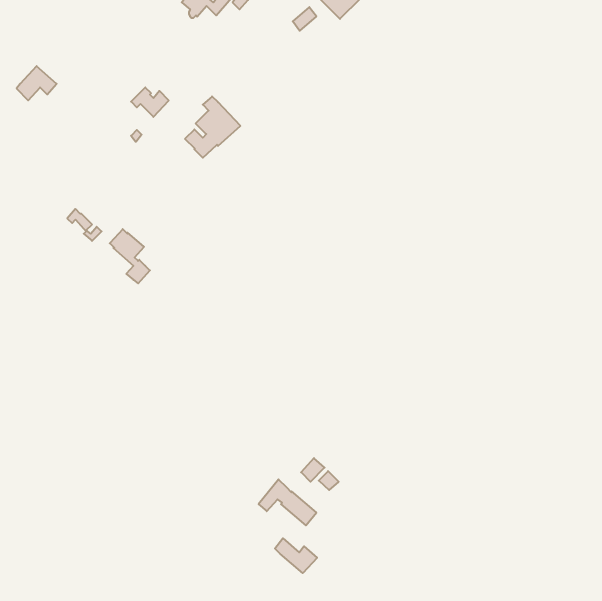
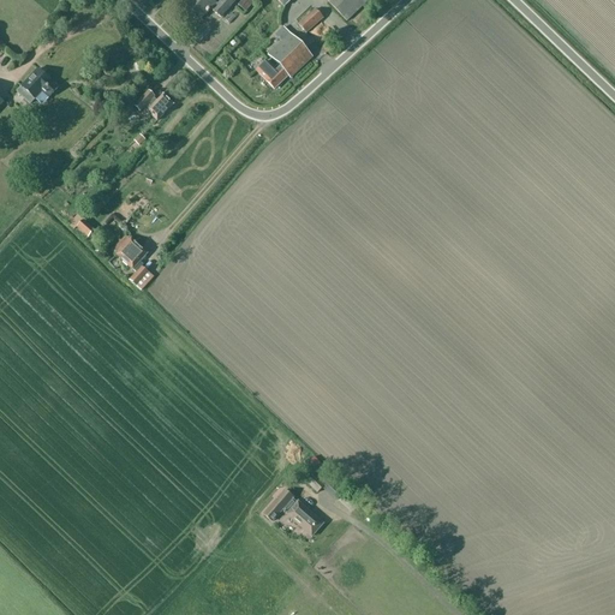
building: [185,96,240,158] -> [257,25,314,88]
building: [275,538,317,573] -> none

